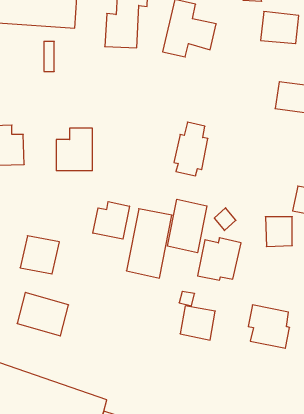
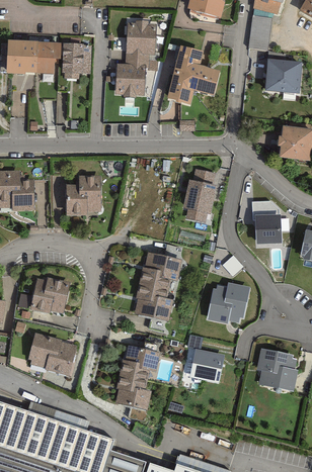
building: [168,199,207,253] -> none
building: [93,202,129,239] -> none
building: [265,217,292,247] -> [252,214,279,244]
building: none -> [115,348,159,409]

